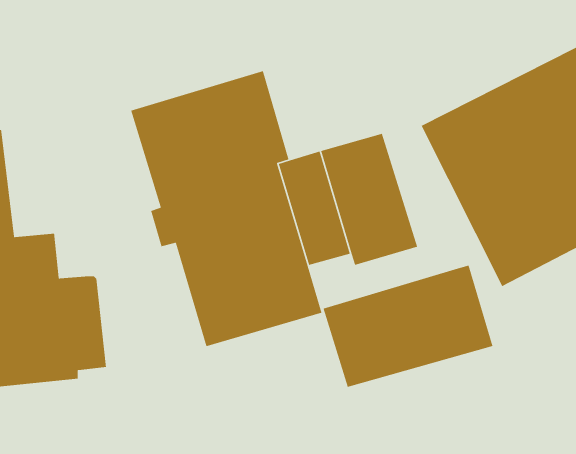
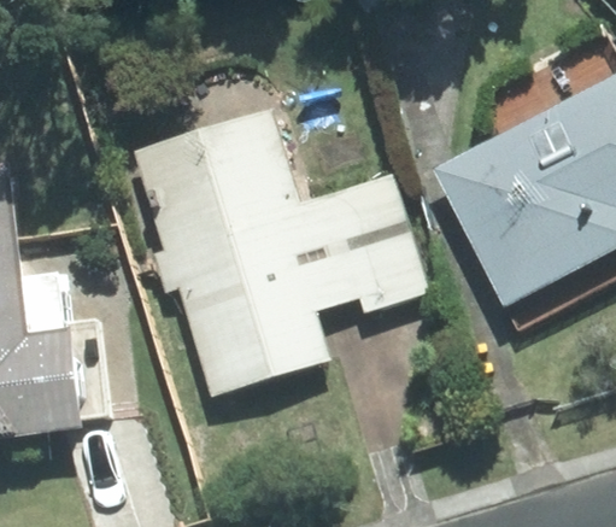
building: [323,265,494,388] -> none

